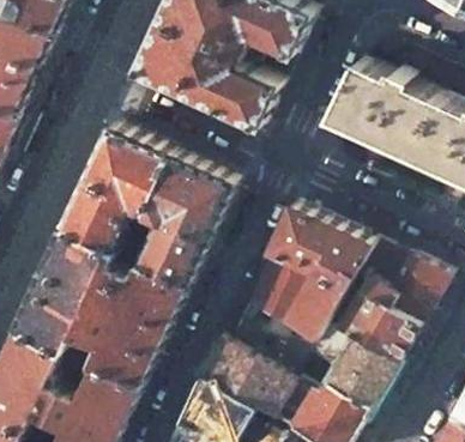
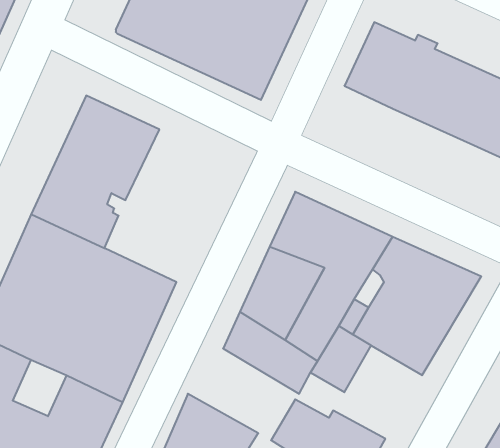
building: [123,155,231,284] -> none
building: [318,338,393,417] -> none
building: [194,340,285,418] -> none

